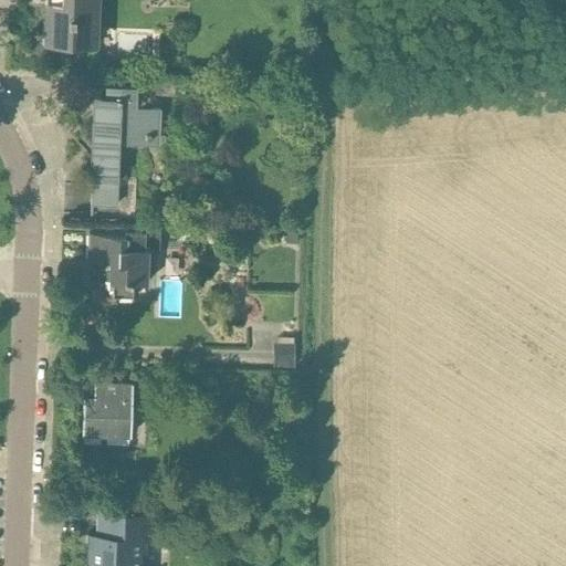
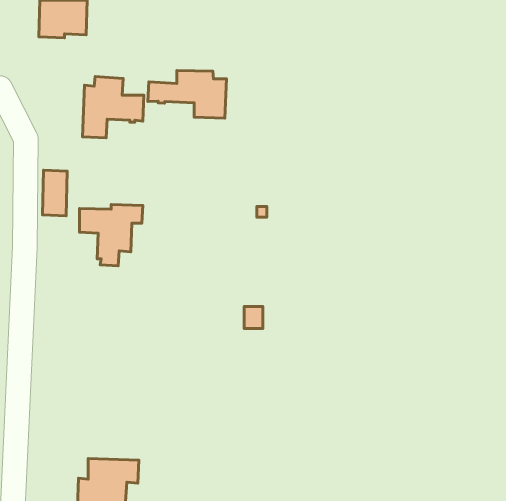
building: none -> [148,71,226,118]
building: [92,159,119,210] -> [42,170,67,216]
building: [82,385,133,440] -> none

